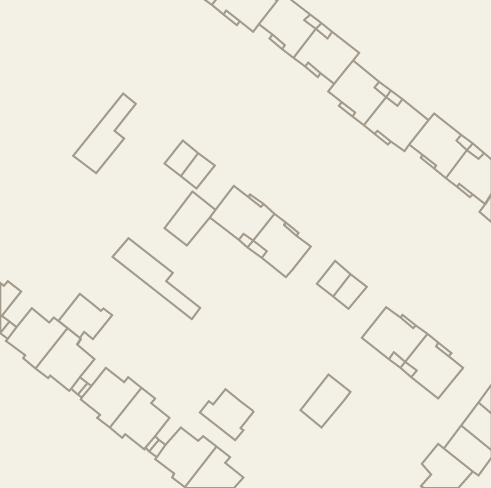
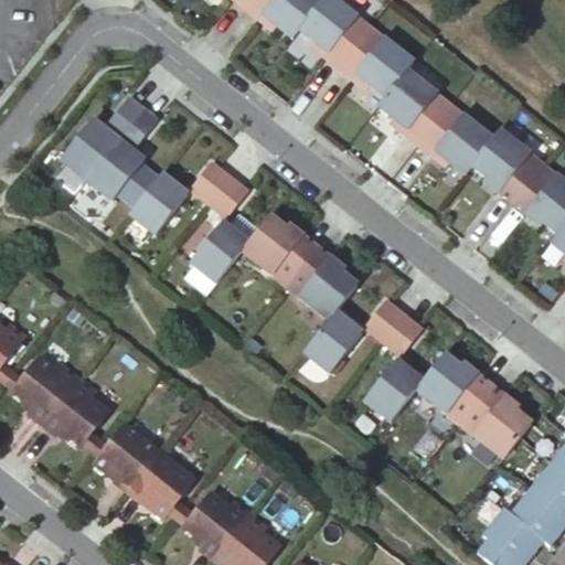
building: none -> [60,96,142,179]
building: none -> [128,172,186,233]
building: [112,238,200,319] -> none
building: none -> [302,310,362,372]
building: [59,294,112,339] -> none
building: [300,375,351,427] -> [365,359,423,419]
building: [200,389,253,440] -> none

